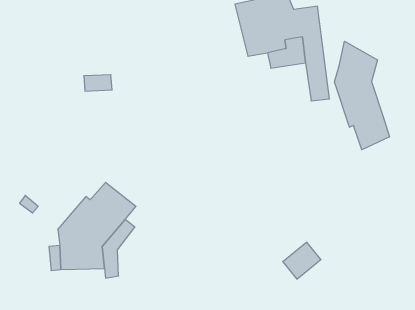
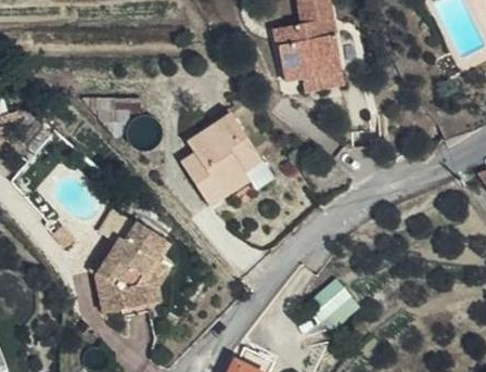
building: [334,41,389,150] -> none
building: none -> [184,119,267,213]

